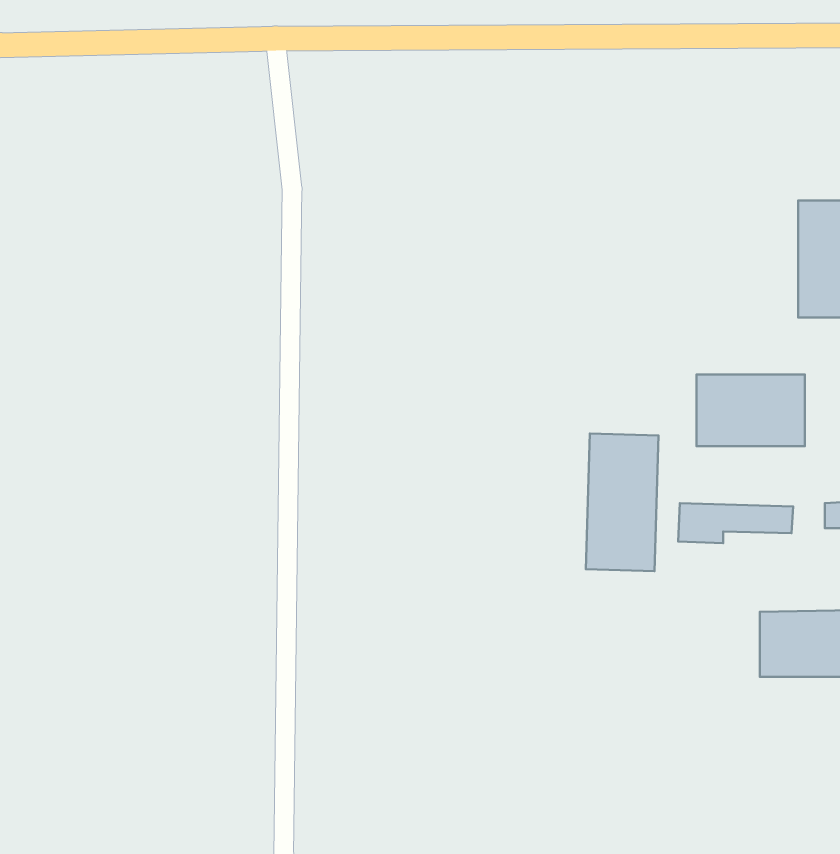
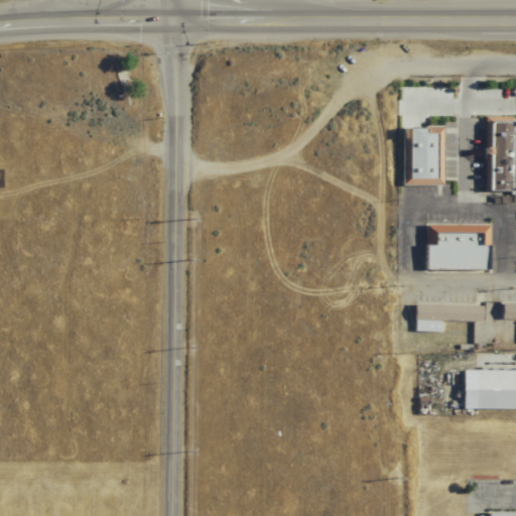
building: none -> [406,128,446,186]
building: [586,434,658,571] -> none

